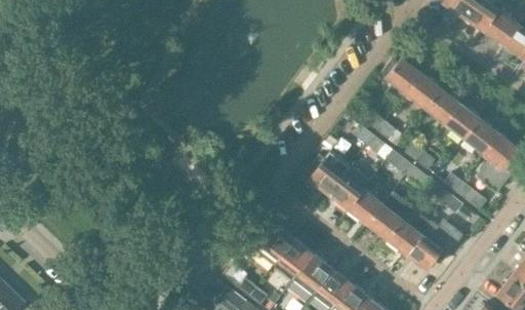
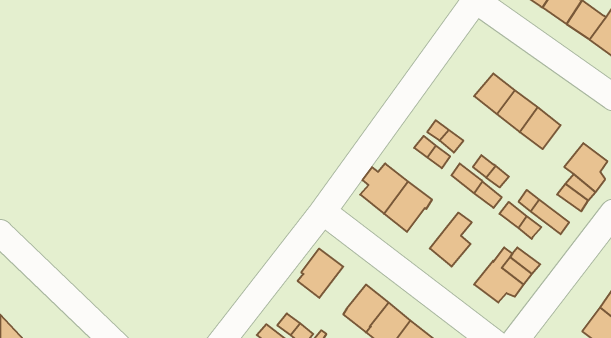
building: [381,55,422,101] -> none
building: [465,118,499,154] -> none
building: [349,189,383,224] -> none
building: [387,215,432,255] -> none
building: [274,239,314,275] -> none

